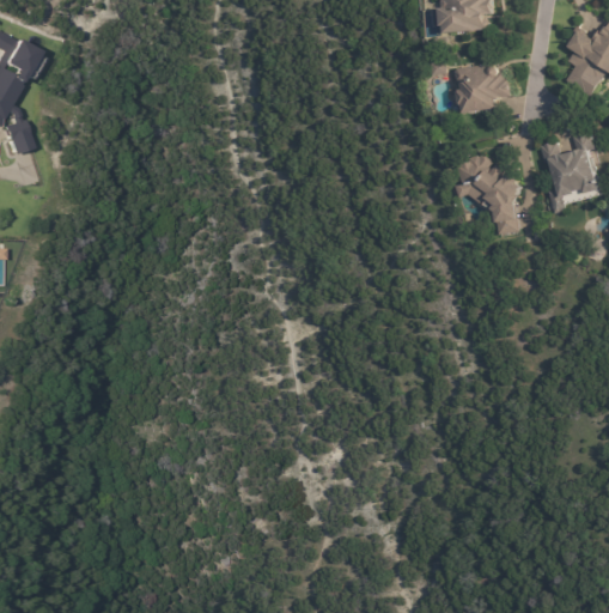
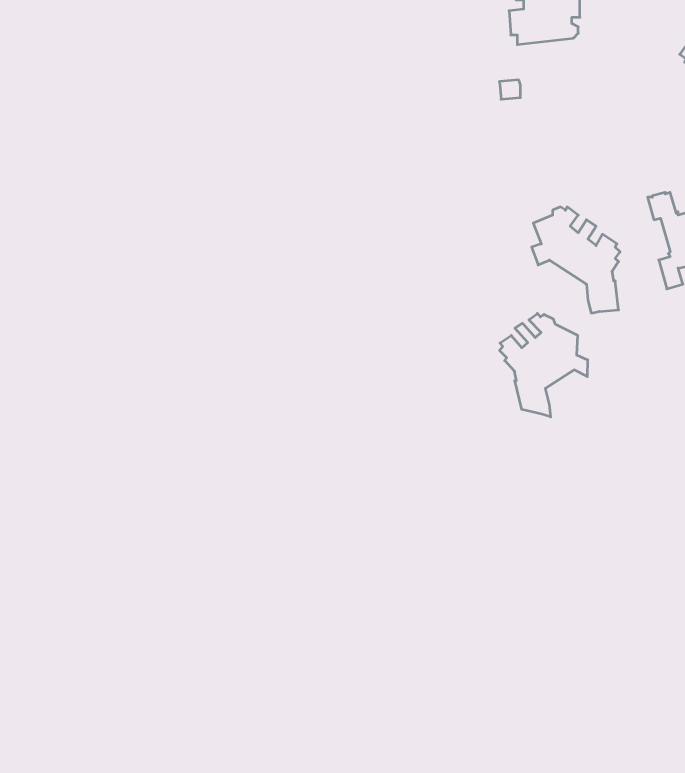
building: [455,62,510,113] -> none
building: none -> [500,313,588,417]

